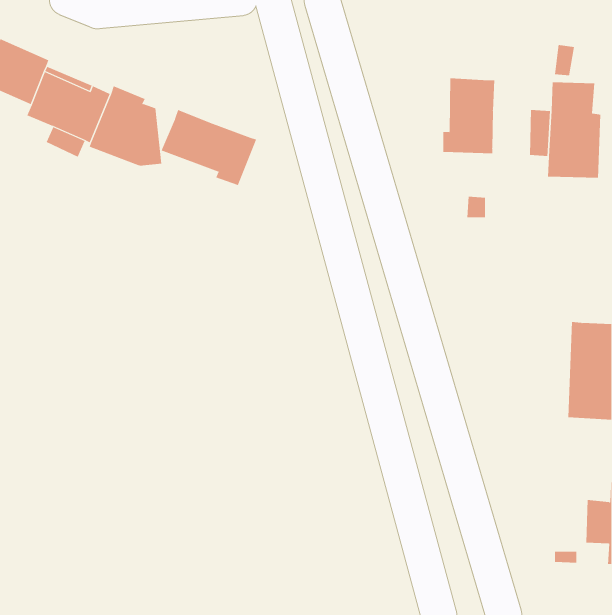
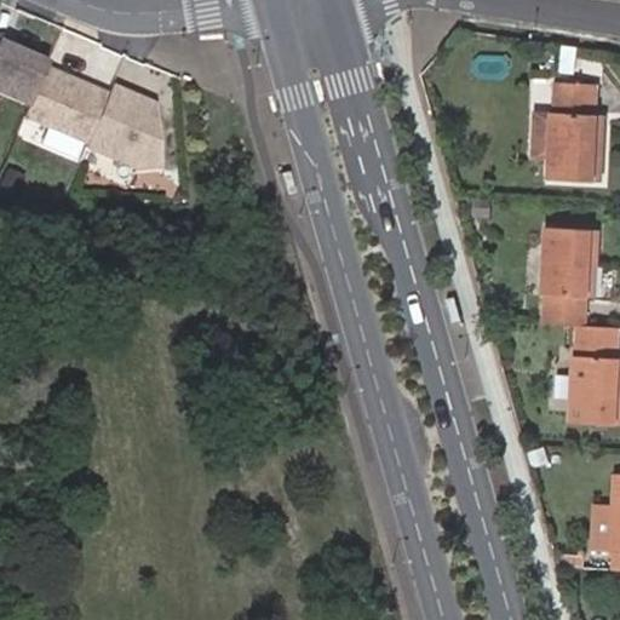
building: [443,78,495,154] -> none
building: [161,109,257,186] -> none
building: none -> [542,226,601,325]

